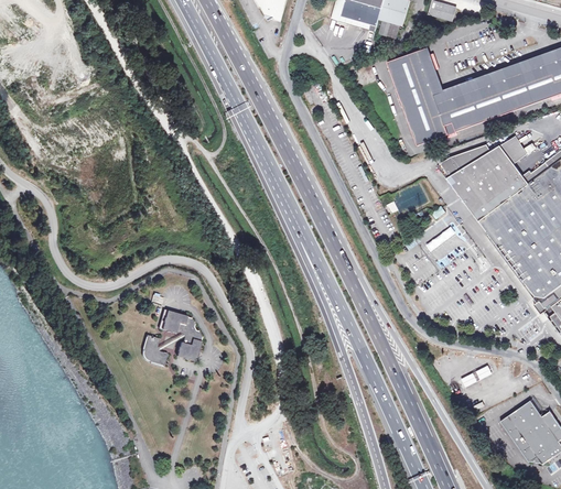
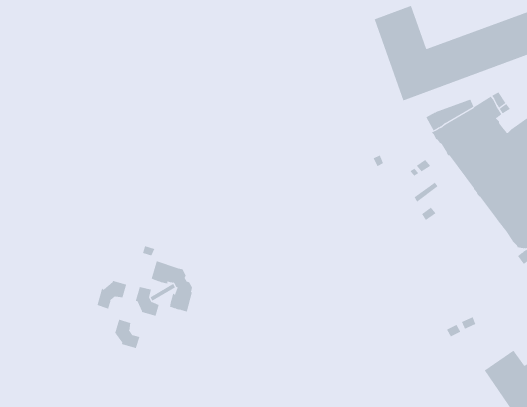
building: none -> [97,280,127,309]
building: none -> [115,319,140,349]

